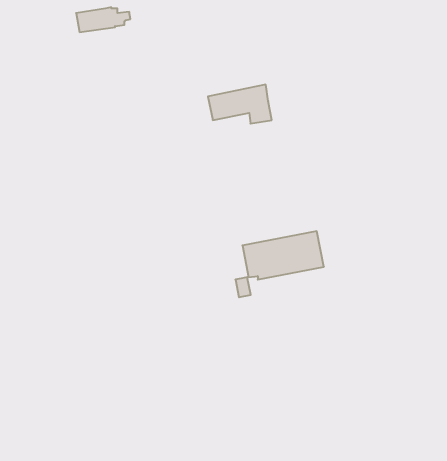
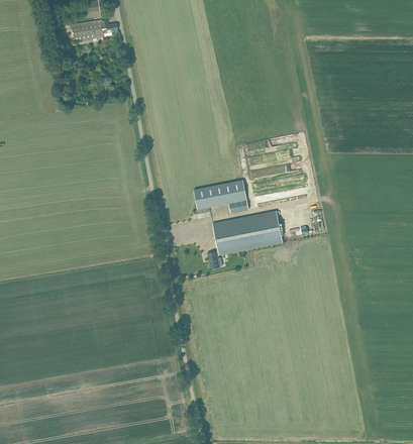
building: [208,85,272,124] -> [194,179,248,212]

